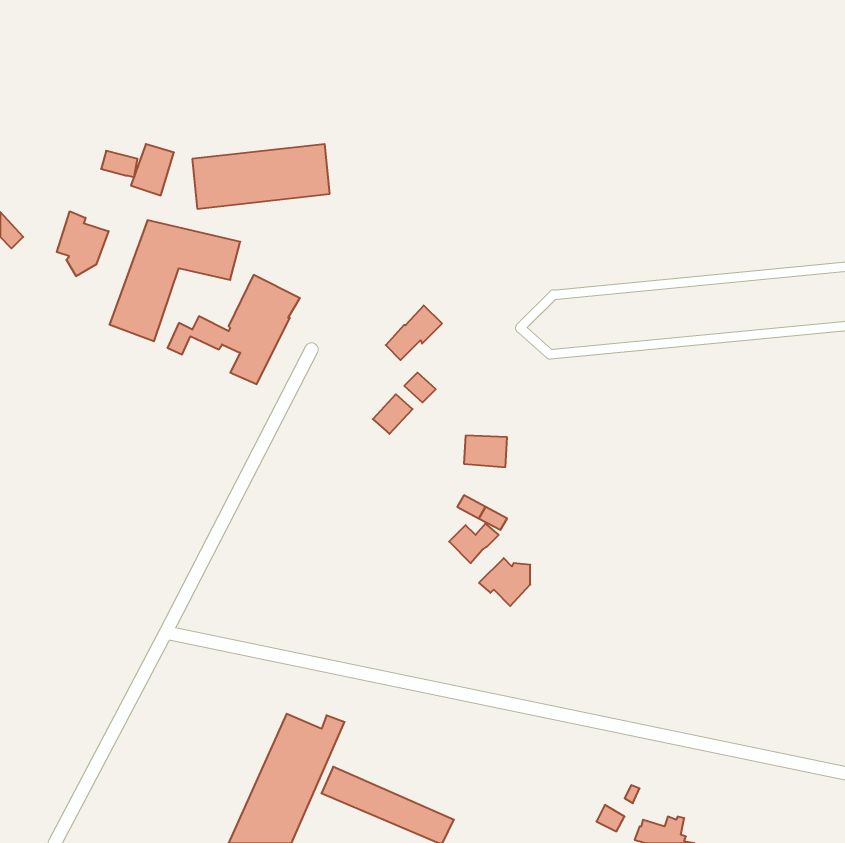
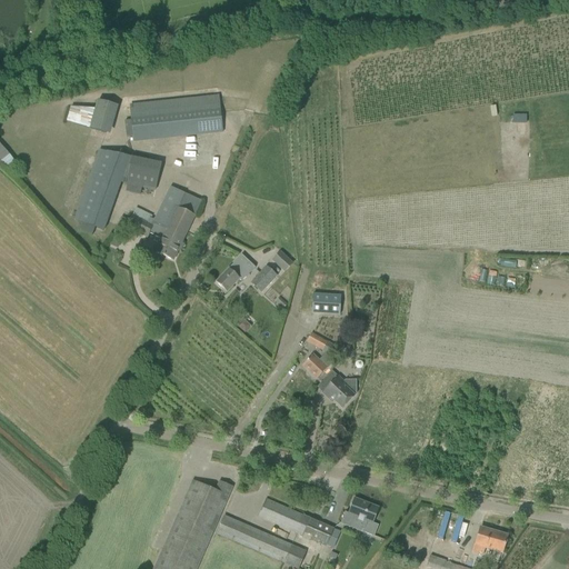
building: [57,211,109,276] -> none
building: [386,305,442,360] -> [217,253,254,290]
building: none -> [341,497,380,533]
building: none -> [259,498,333,545]
building: none -> [473,526,508,552]

